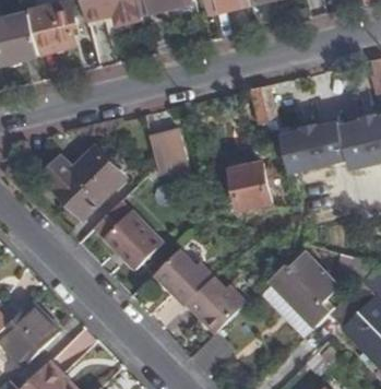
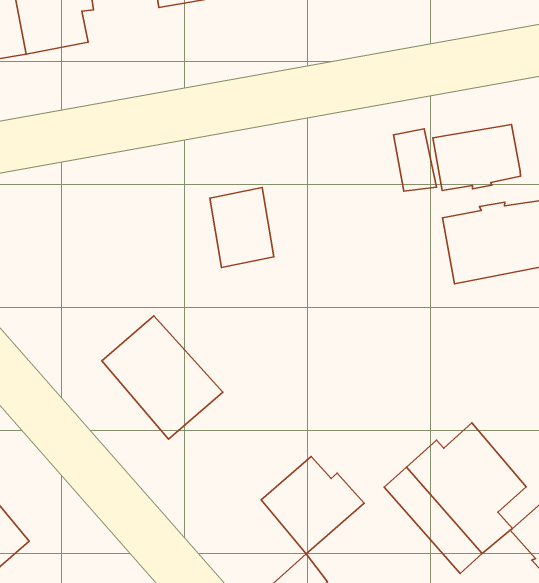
building: none -> [433,125,521,191]
building: [44,151,126,220] -> none
building: [233,164,272,207] -> none
building: [154,248,214,305] -> none

